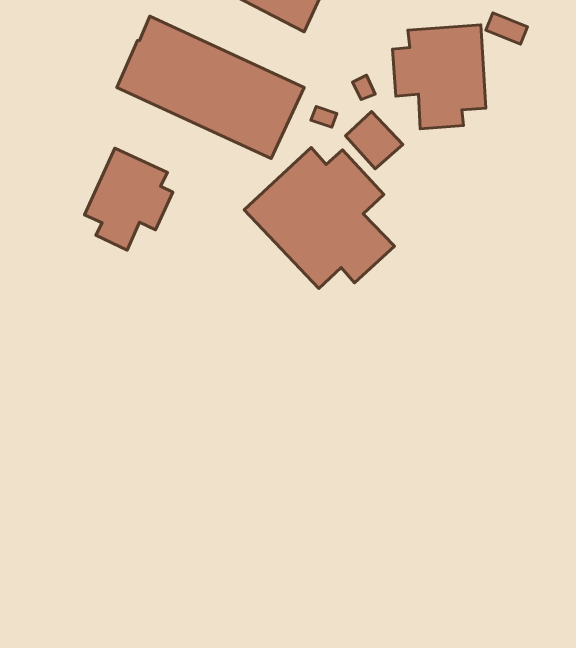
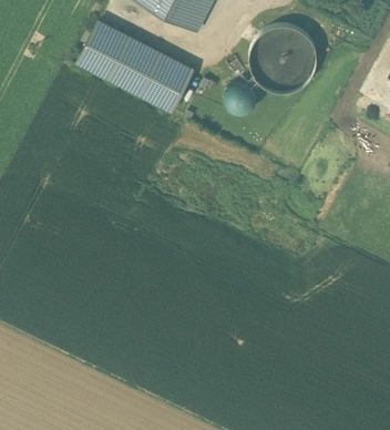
building: [244,147,395,288] -> none
building: [85,148,173,250] -> none

